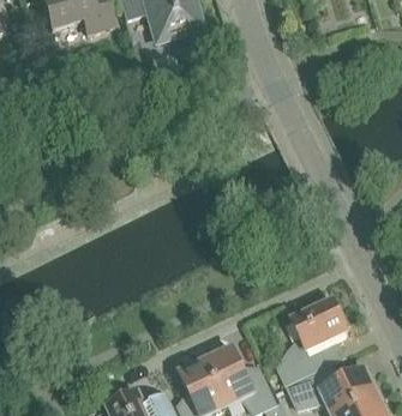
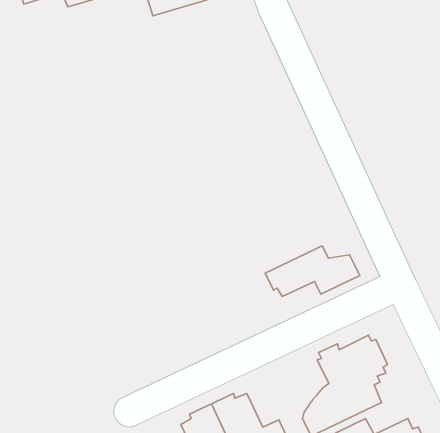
building: none -> [265,246,360,297]

